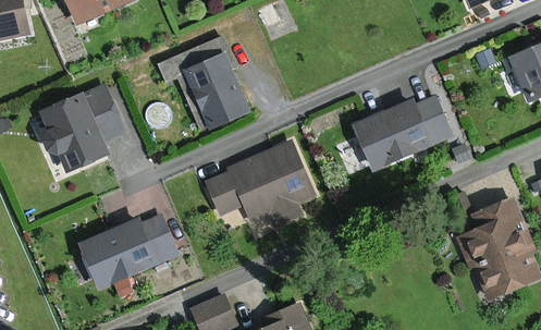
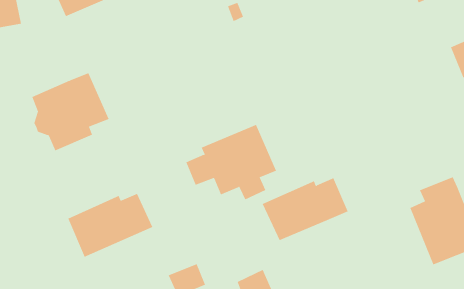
building: [158,39,249,129] -> none
building: [354,97,451,168] -> [262,177,348,241]

